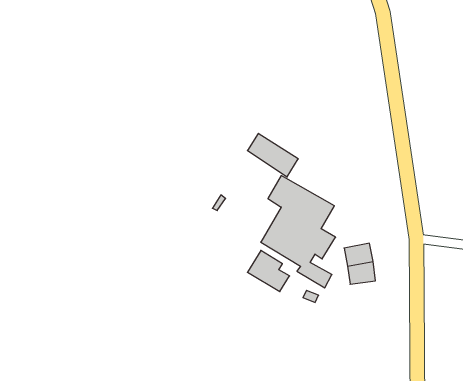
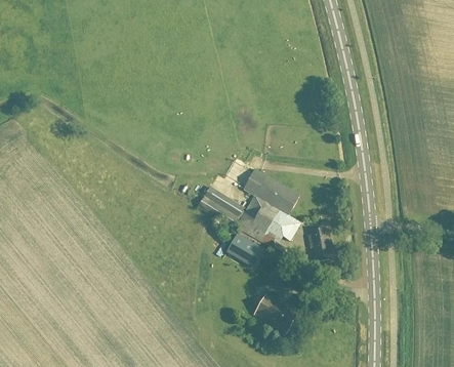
building: [247,133,298,177] -> [202,185,245,221]
building: none -> [253,291,297,331]

